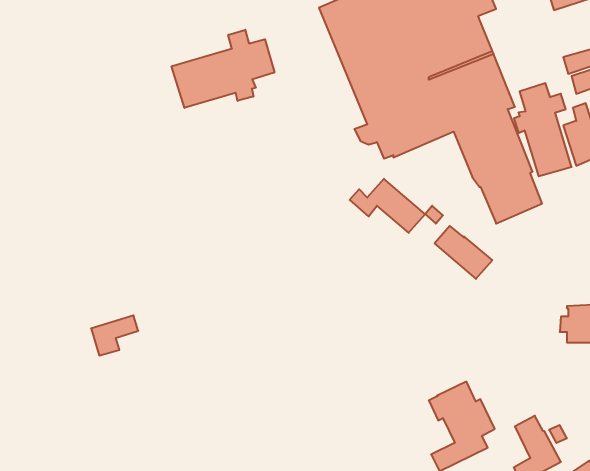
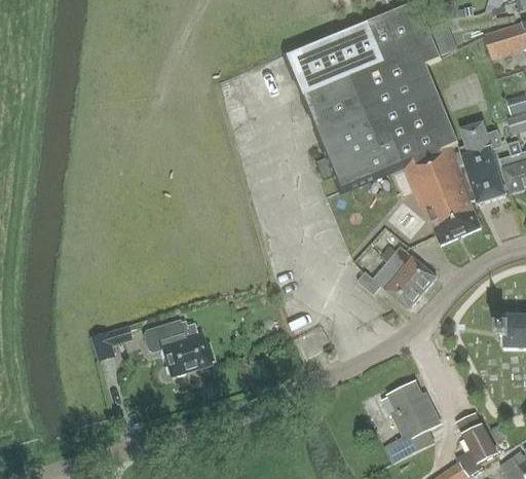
building: [172,30,274,108] -> none
building: [350,179,425,233] -> [358,261,423,308]
building: none -> [144,320,214,374]

